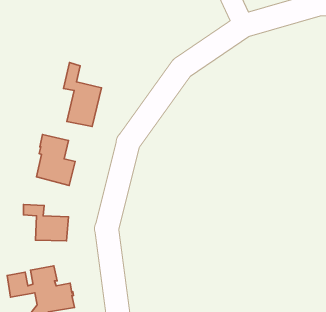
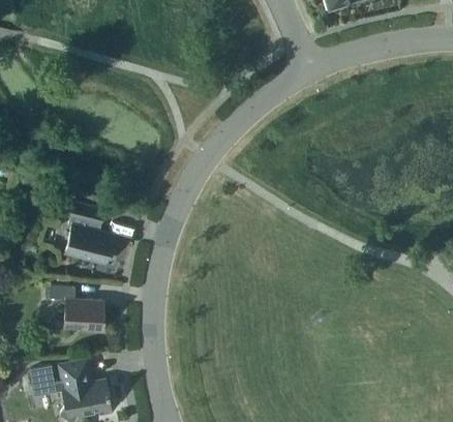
building: [63,63,102,127] -> none

